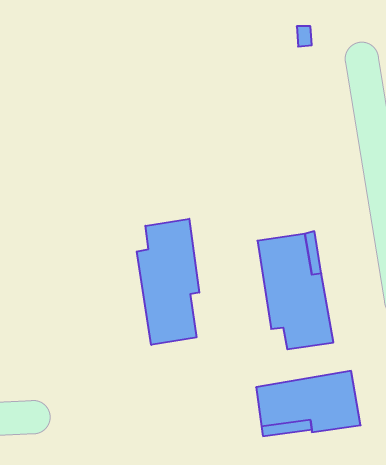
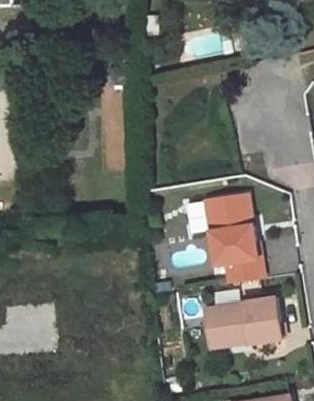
building: [137,219,199,345] -> none

